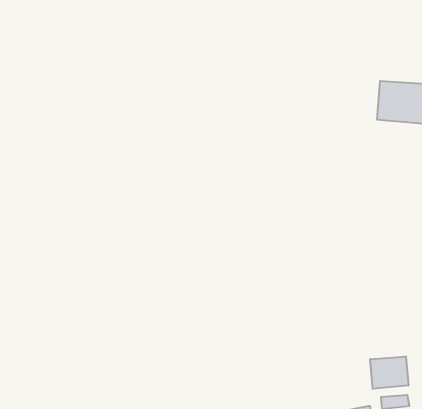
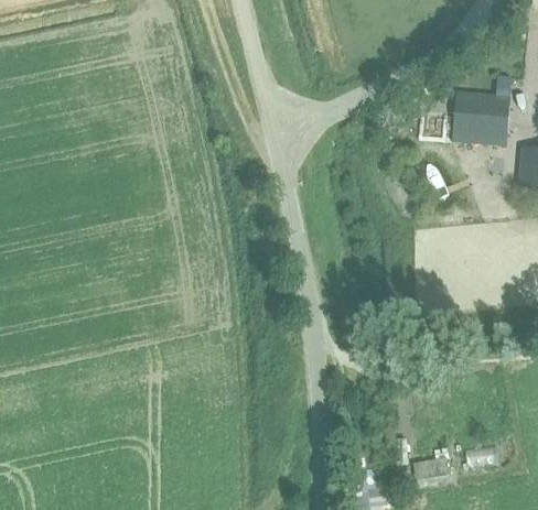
building: [370,356,408,389] -> none

